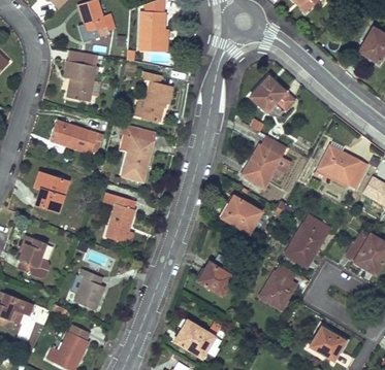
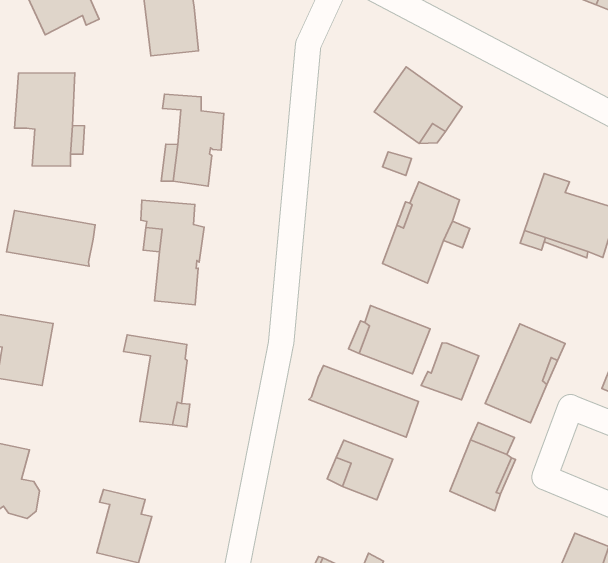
building: none -> [421,343,479,400]
building: none -> [309,365,419,437]

